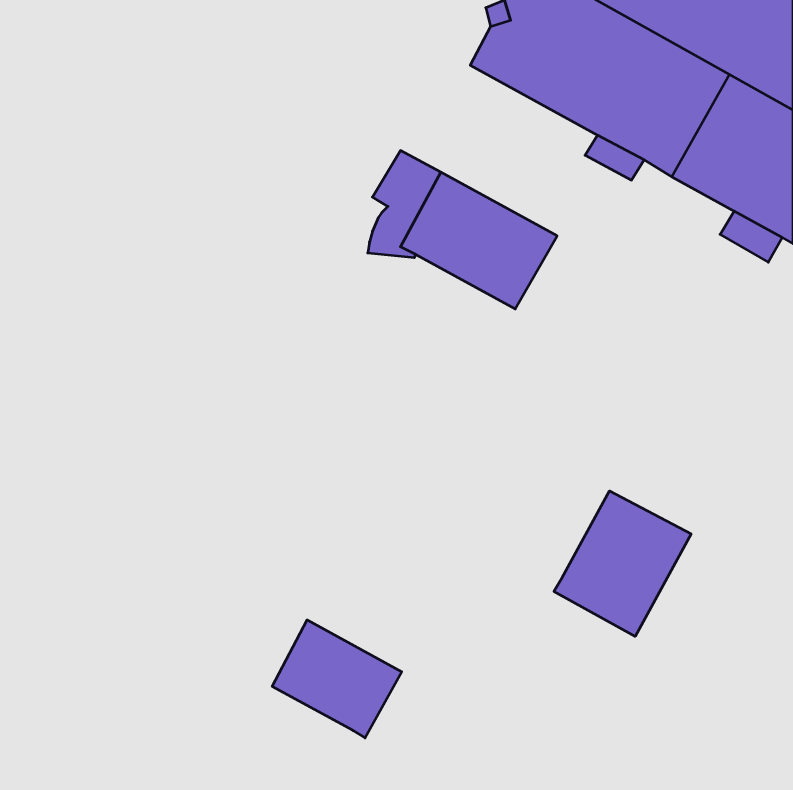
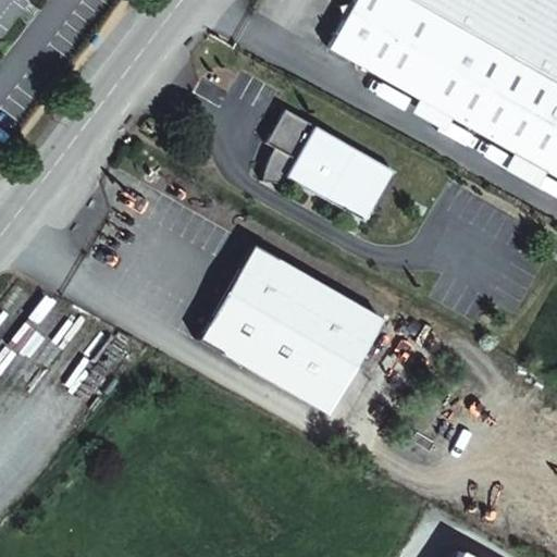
building: none -> [205,251,389,421]
building: [554,491,691,636] -> none
building: [272,620,402,738] -> none

